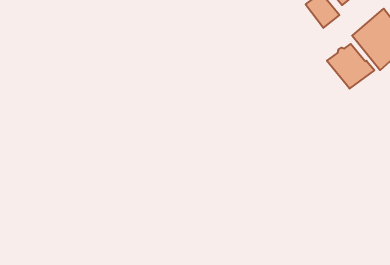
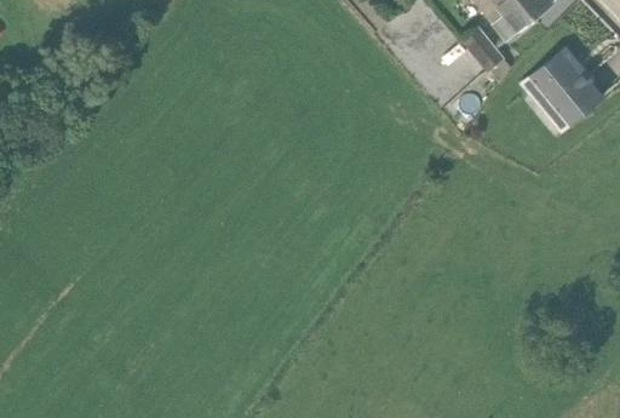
building: [327,44,374,89] -> none

